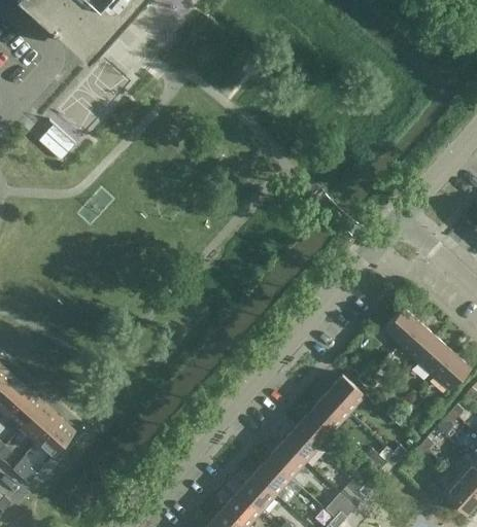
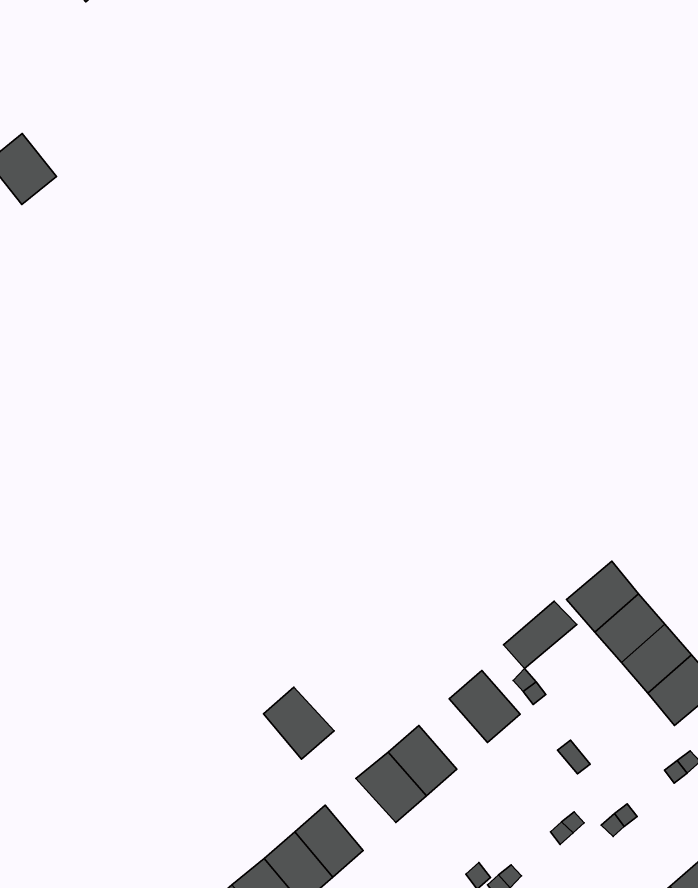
building: none -> [504,601,577,669]
building: [310,392,348,429] -> none
building: [266,442,305,480] -> [263,687,334,759]

